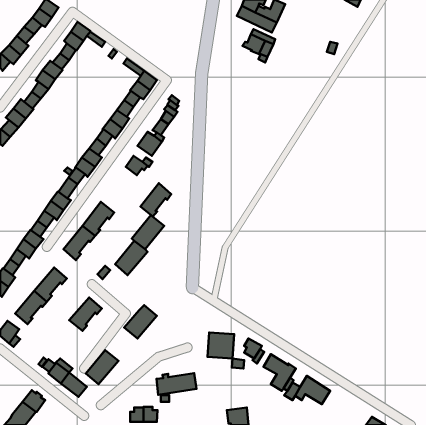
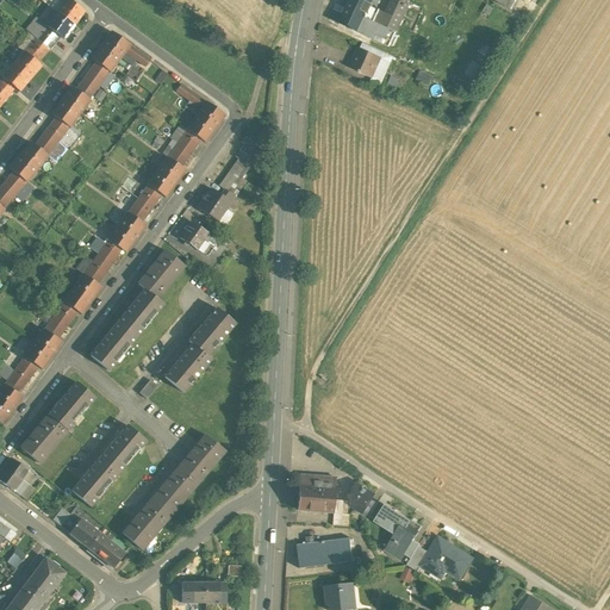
building: [140,183,171,217] -> [138,250,182,298]
building: none -> [71,458,118,506]
building: none -> [150,468,197,516]
building: [157,373,197,395] -> [295,537,353,568]

